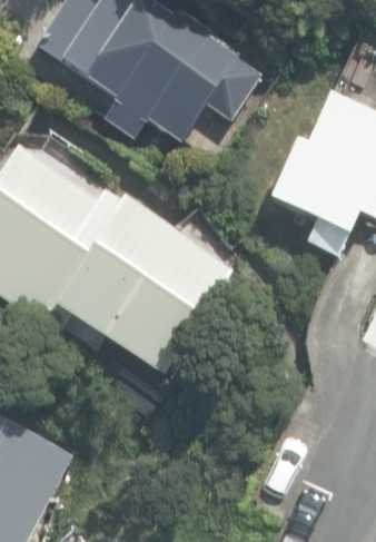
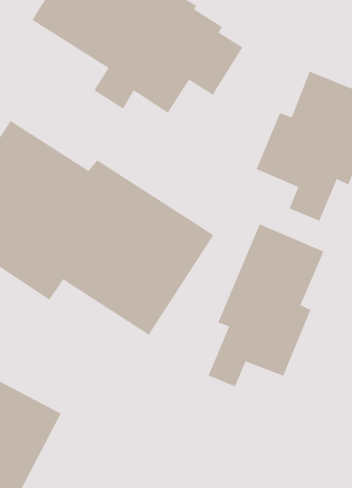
building: none -> [208,224,324,387]

